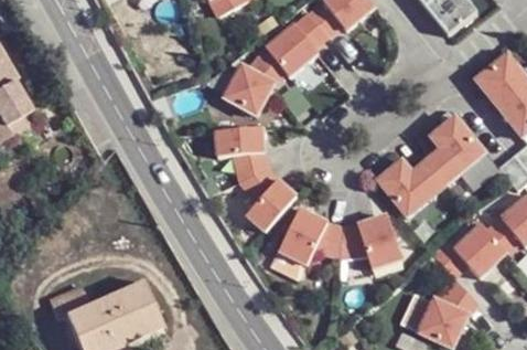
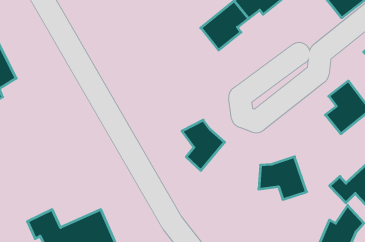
building: [223,47,283,115] -> none
building: [215,127,268,181] -> none
building: [377,159,445,216] -> none
building: [278,208,342,265] -> none

